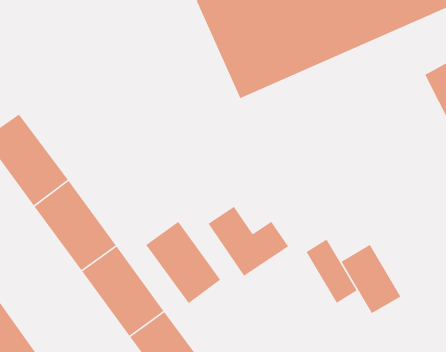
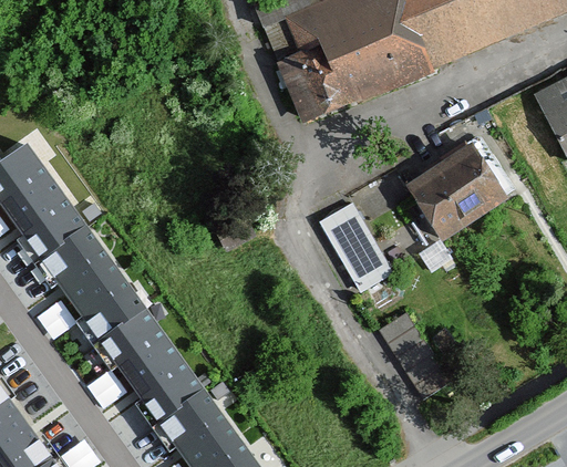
building: none -> [406,145,508,242]
building: [208,206,289,277] -> [317,204,419,292]
building: [145,221,221,304] -> none
building: [341,244,402,314] -> none

